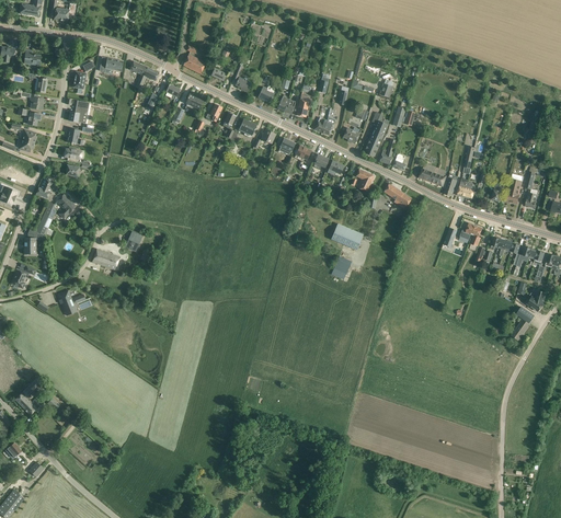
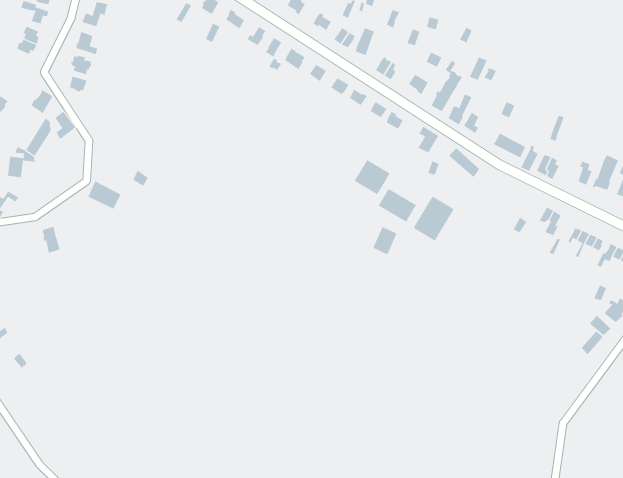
building: none -> [354,159,390,195]
building: none -> [413,195,454,241]

